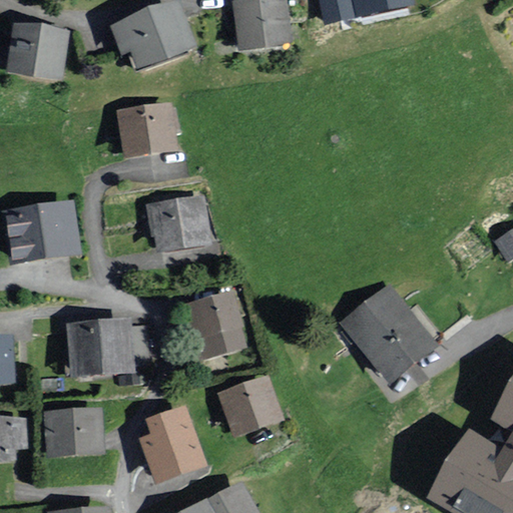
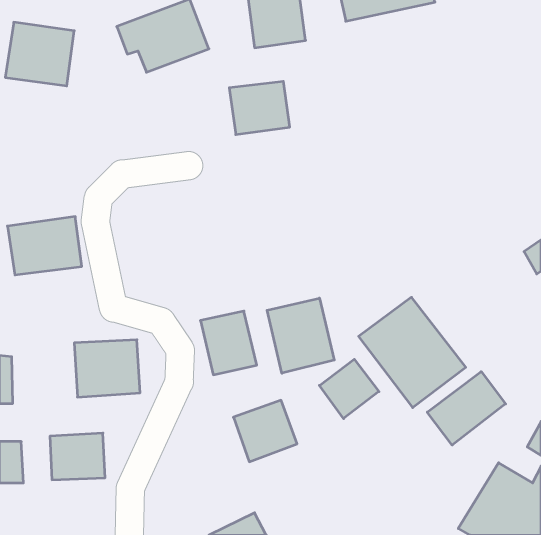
building: [119,103,176,153] -> [229,81,290,135]
building: [150,197,206,246] -> none
building: none -> [267,298,334,373]
building: none -> [319,359,379,419]
building: none -> [427,372,506,445]
building: [141,408,203,482] -> none

